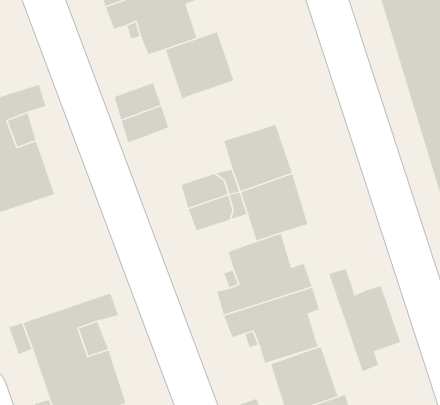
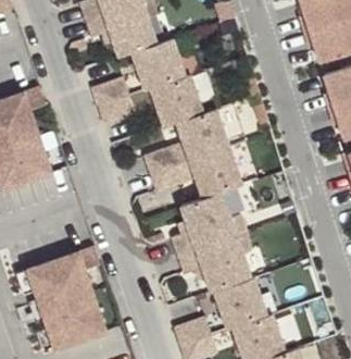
building: none -> [155,79,210,132]
building: [328,268,401,372] -> none

